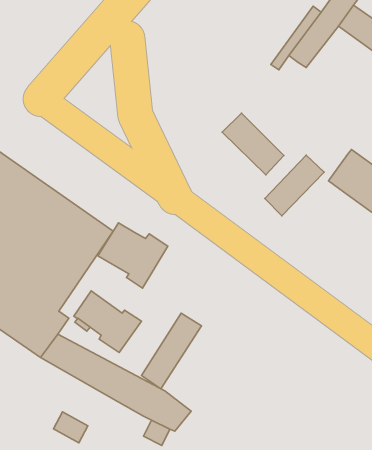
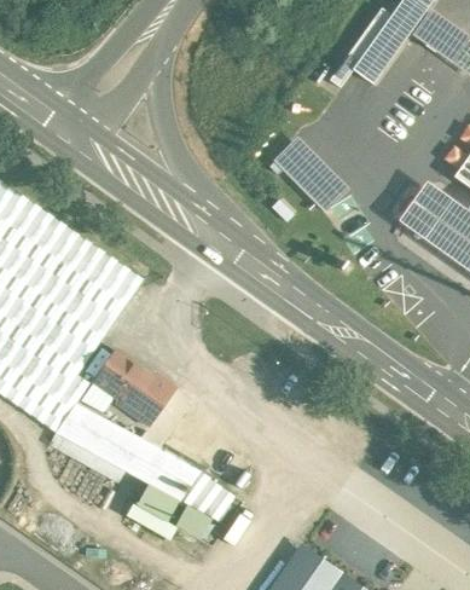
building: [265,155,324,216] -> none
building: [98,223,168,288] -> none
building: [142,313,201,389] -> none
building: [53,412,88,443] -> [137,484,178,521]

